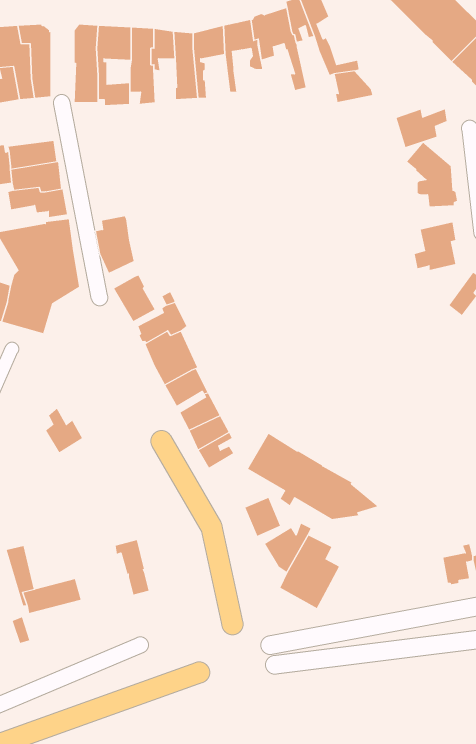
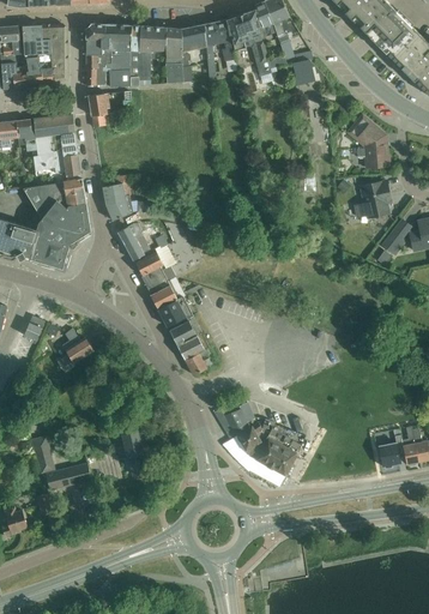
building: [396,109,447,148] -> none
building: none -> [89,92,110,126]
building: [247,433,379,520] -> none

